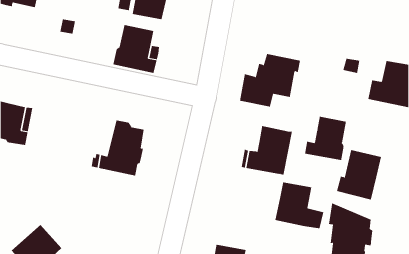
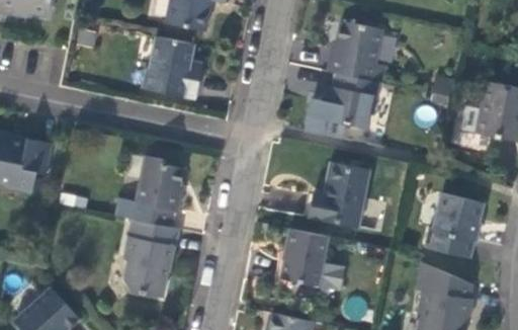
building: none -> [329,23,383,81]
building: [304,116,346,161] -> none
building: none -> [124,219,179,296]
building: [275,182,324,229] -> [281,229,344,288]

